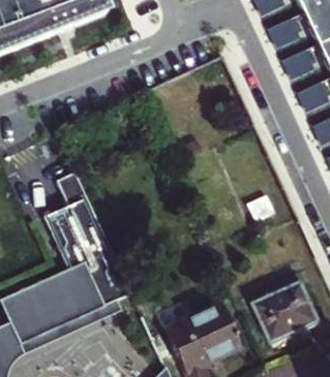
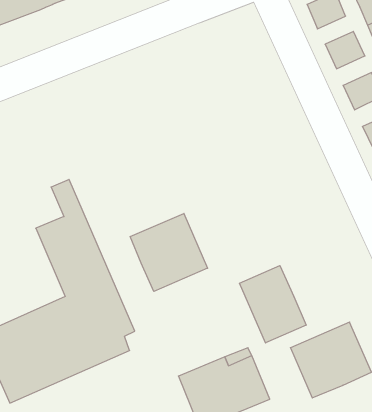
building: none -> [130,213,208,291]
building: none -> [239,266,306,343]

